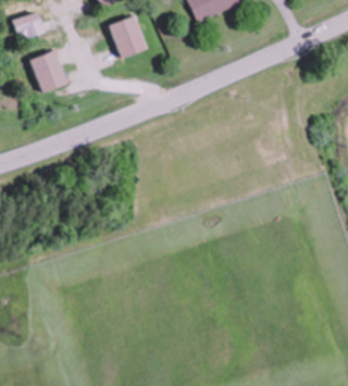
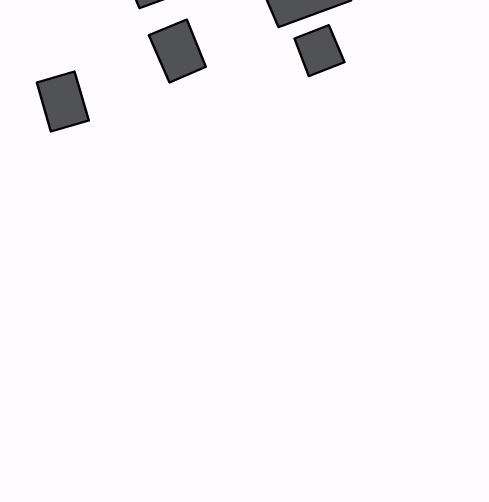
building: [12,13,44,39] -> none
building: none -> [294,25,344,76]

